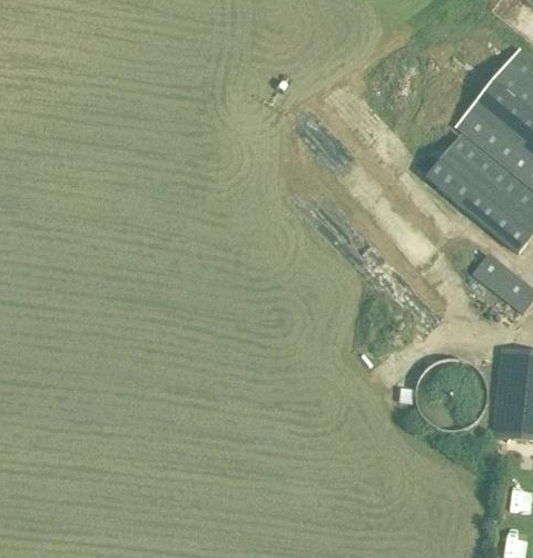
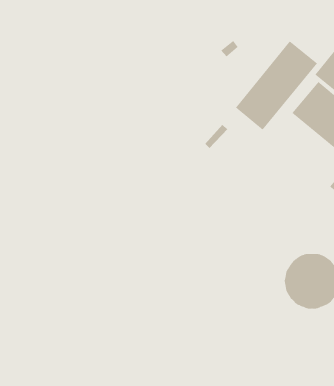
building: none -> [235,41,318,131]

